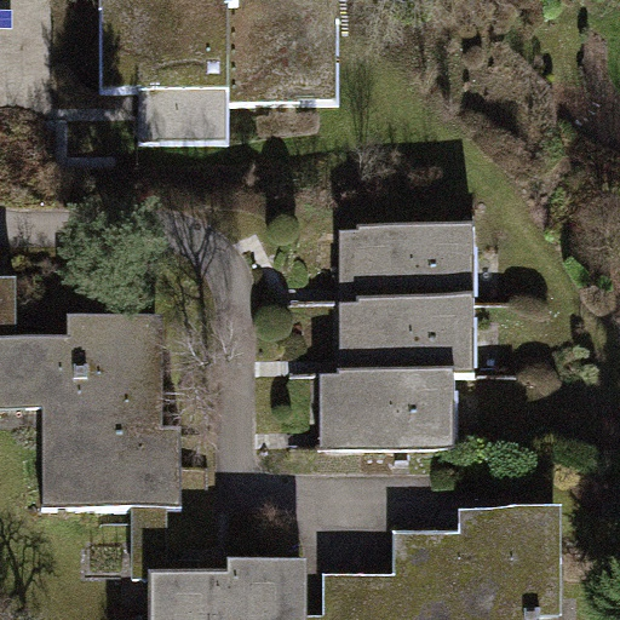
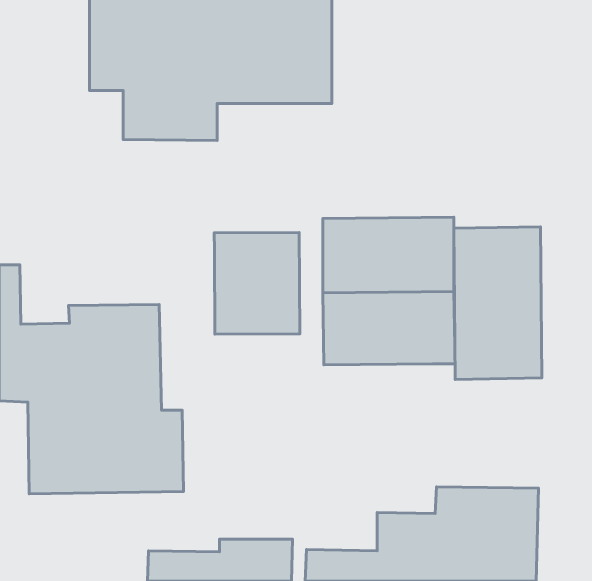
building: none -> [454,227,542,379]
building: none -> [214,232,300,334]
building: [318,379,452,448] -> none

